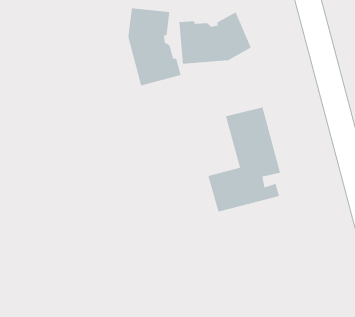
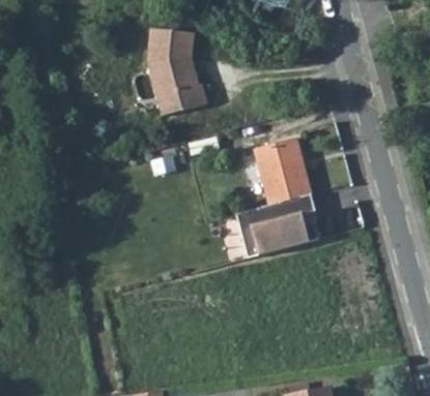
building: [179,12,252,65] -> none

